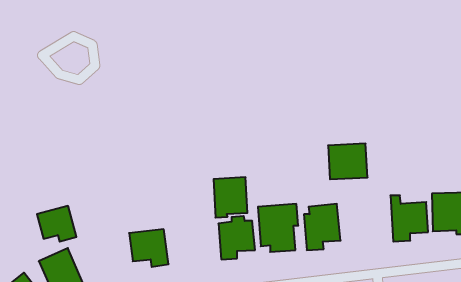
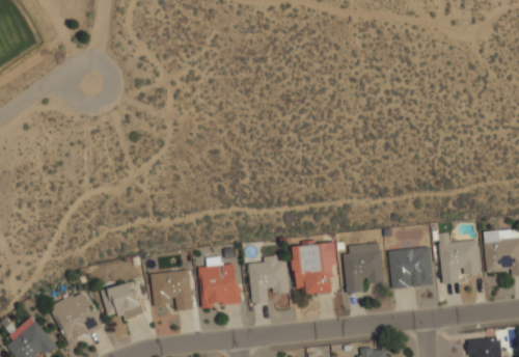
building: [328,144,368,179] -> [389,248,433,287]
building: [214,177,247,218] -> [200,264,238,308]
building: [37,206,76,242] -> [101,280,144,320]

